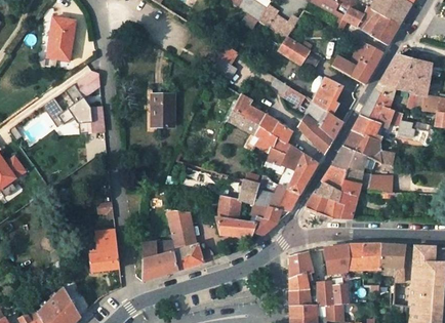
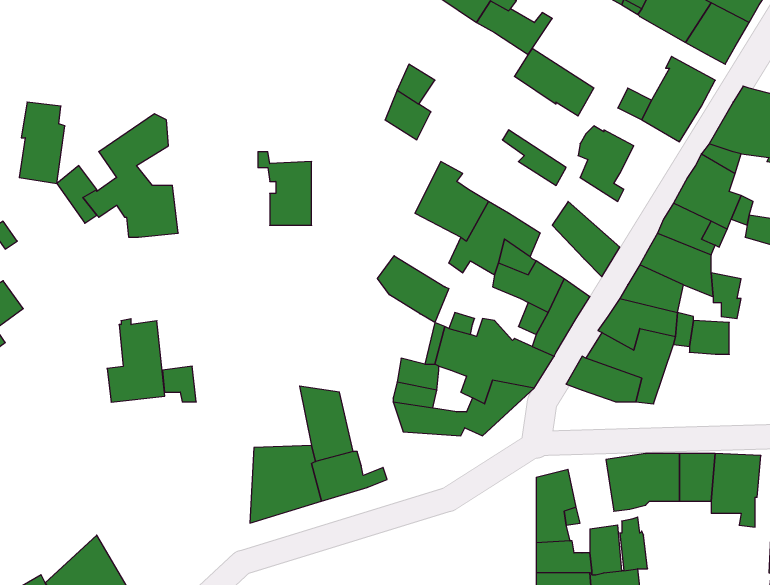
building: [50,17,74,59] -> [19,102,65,183]
building: [307,102,342,137] -> none
building: none -> [377,256,449,322]
building: [90,228,120,271] -> [107,319,165,402]

